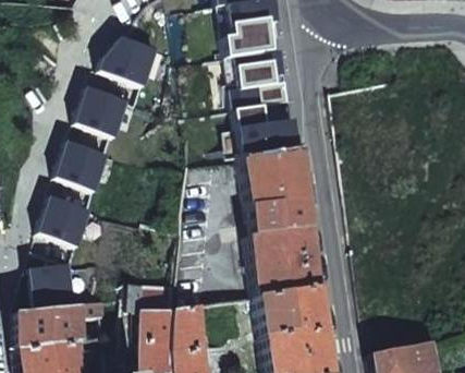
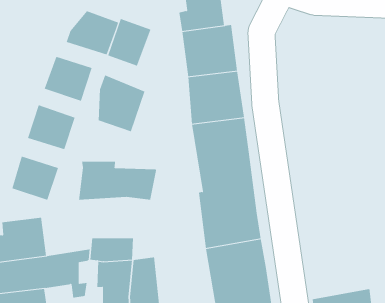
building: none -> [108,18,151,66]
building: none -> [98,74,145,132]
building: none -> [79,161,157,200]

